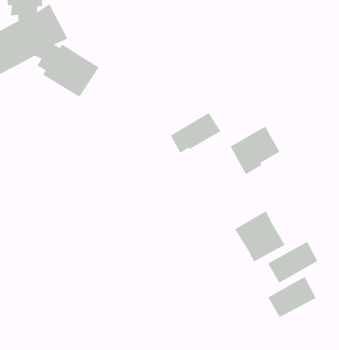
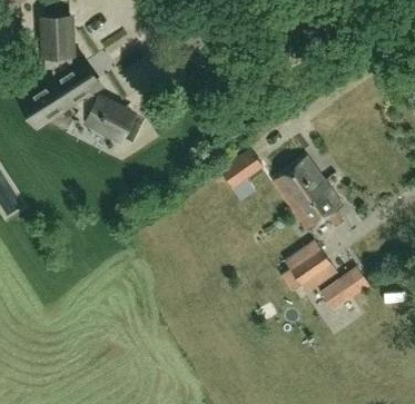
building: none -> [292,180,342,229]
building: [267,276,317,318] -> none

